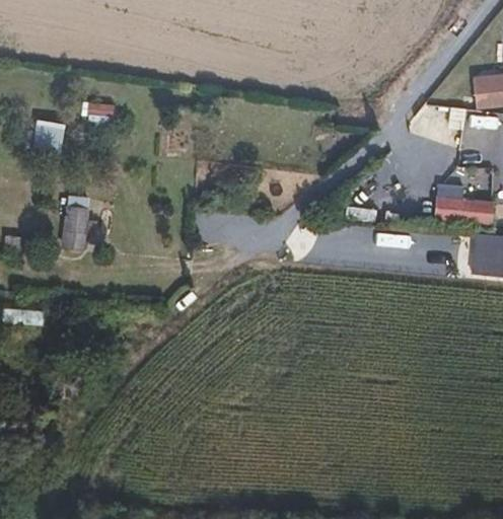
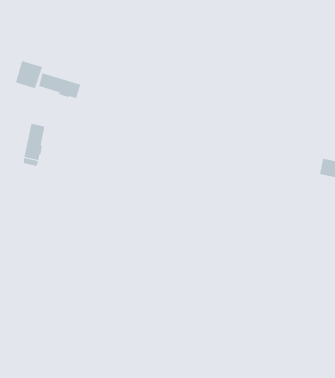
building: none -> [38,73,81,99]

